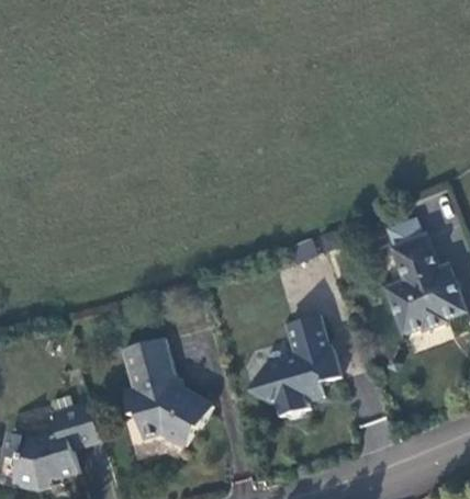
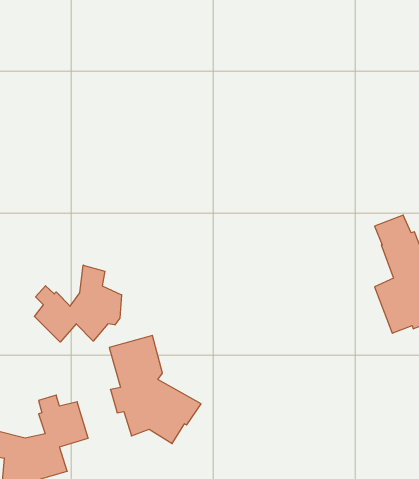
building: none -> [34,265,122,342]
building: [251,316,342,419] -> none

